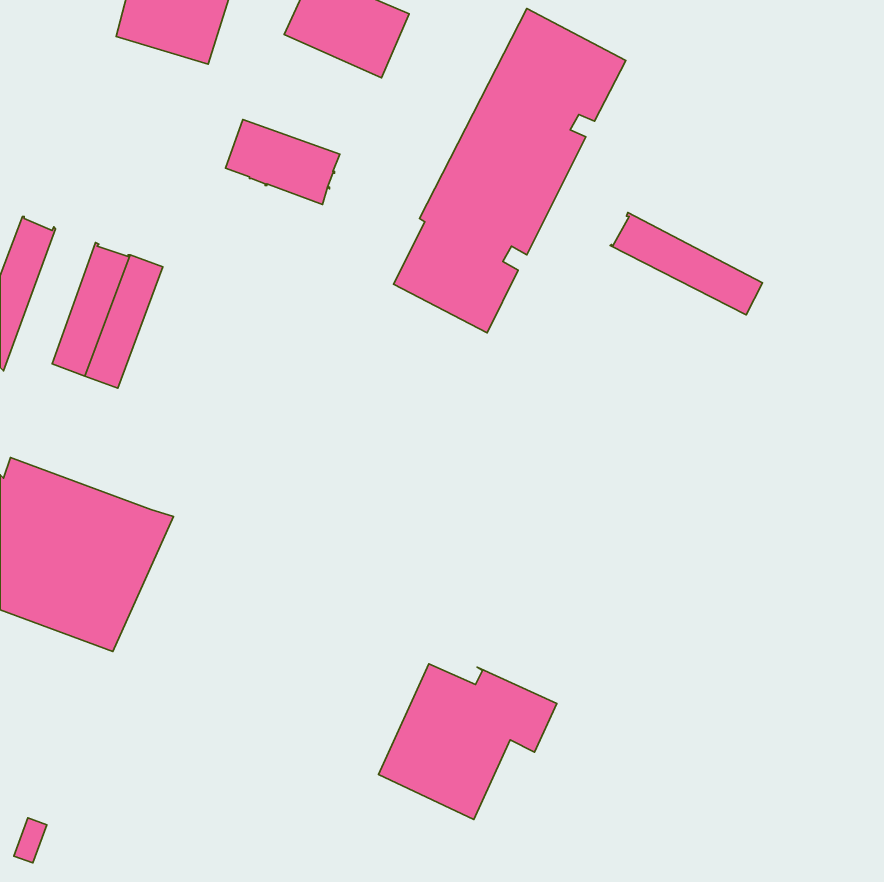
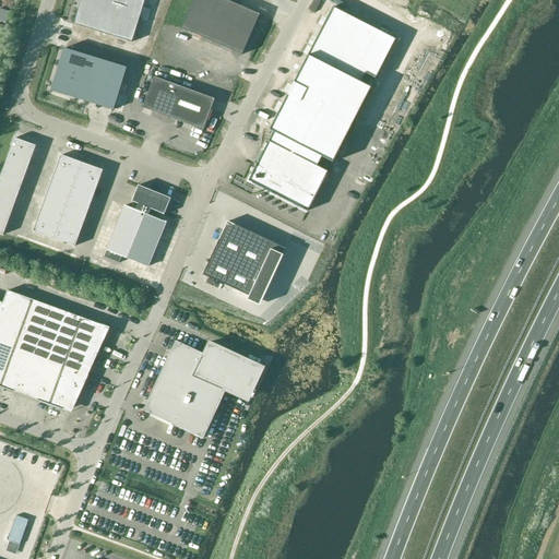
building: none -> [51,47,128,108]
building: [610,213,762,315] -> none
building: none -> [104,183,169,264]
building: none -> [204,219,286,304]
building: [378,664,557,820] -> [144,338,257,437]

